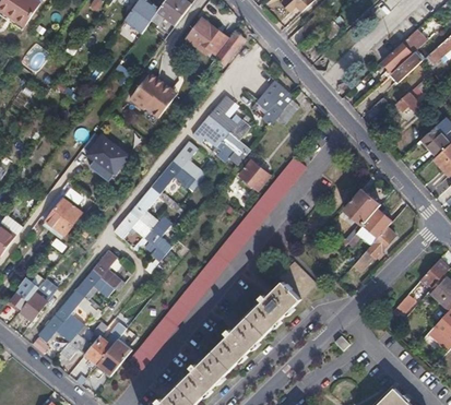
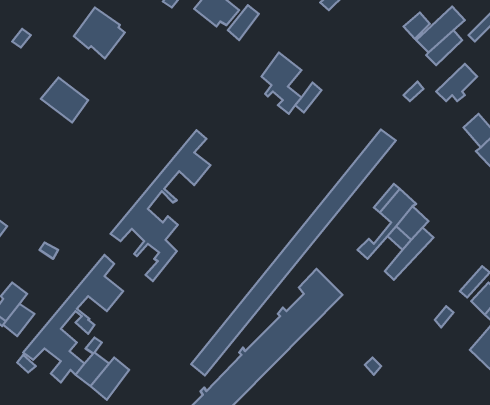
building: [130,72,175,117] -> [74,7,125,59]
building: [191,95,250,164] -> none
building: [85,135,127,175] -> [41,78,88,123]
building: [128,155,307,370] -> [191,129,396,375]
building: [238,160,269,190] -> none
building: [39,193,82,235] -> none

